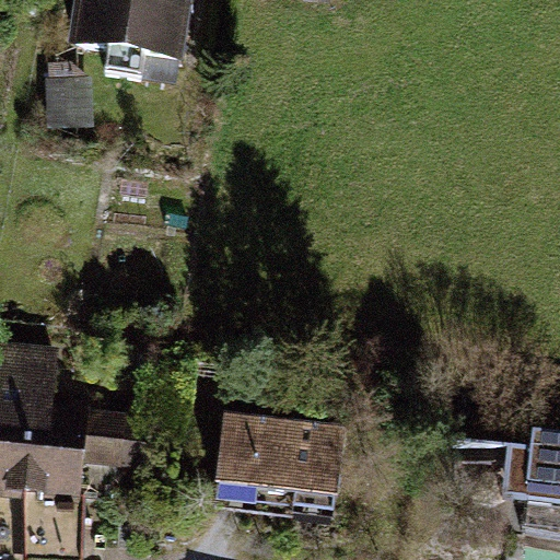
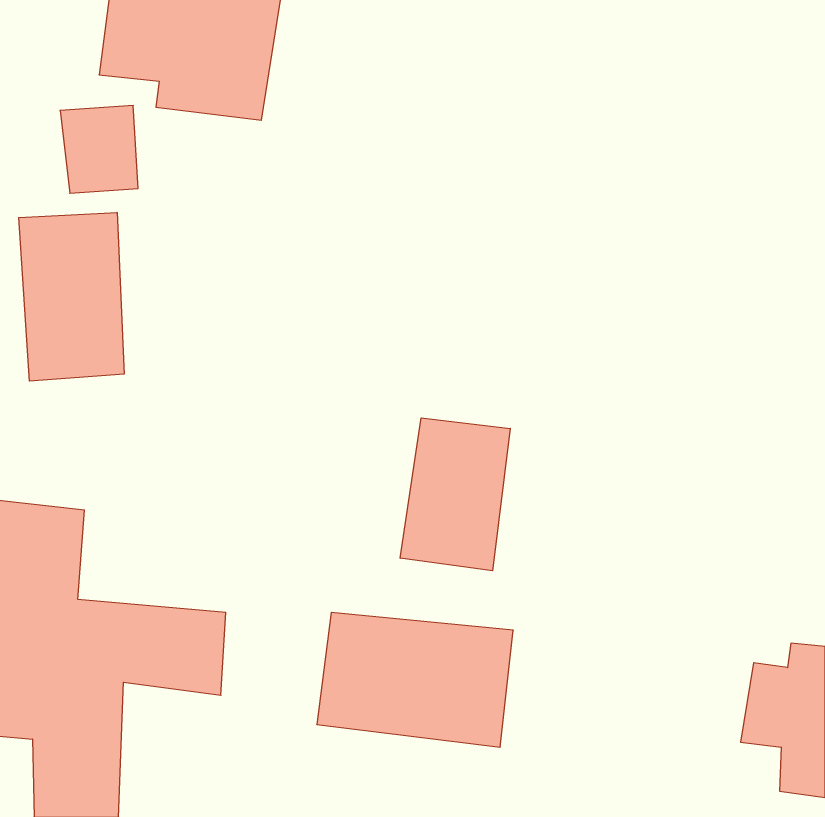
building: none -> [19,212,124,381]
building: none -> [400,418,510,571]

